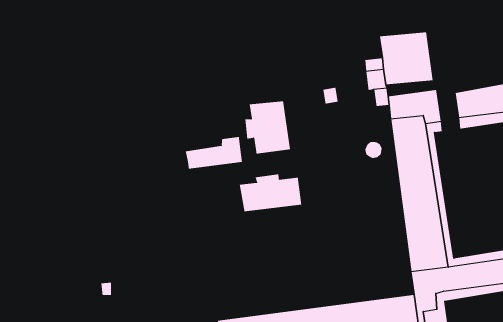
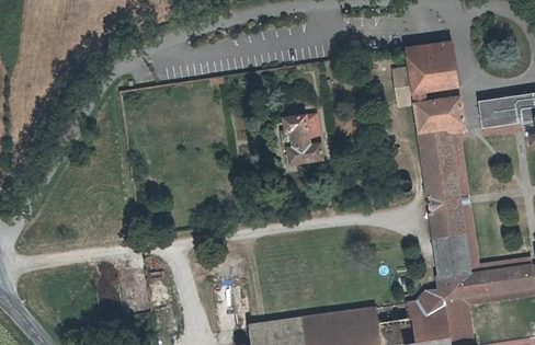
building: [185,136,243,169] -> none
building: [239,174,302,212] -> none

